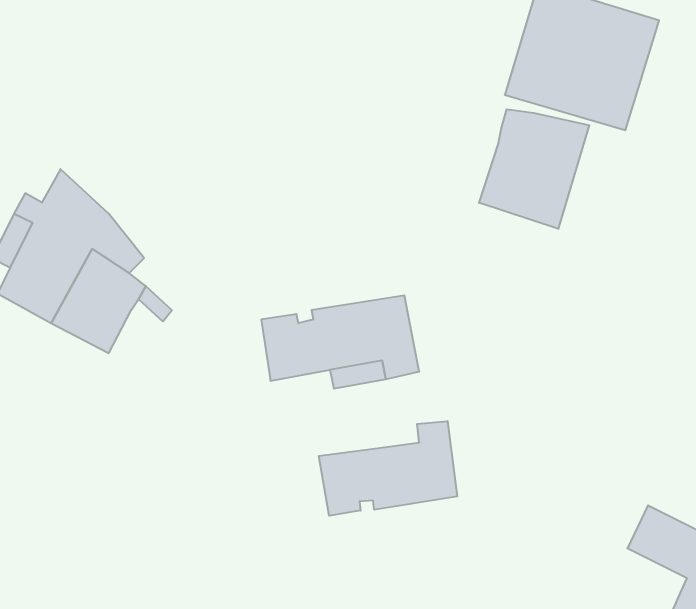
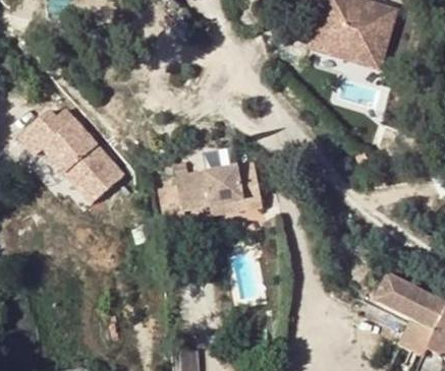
building: [479,109,589,229] -> none
building: [319,421,457,516] -> none

